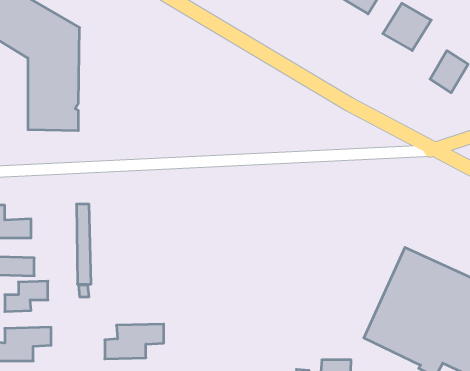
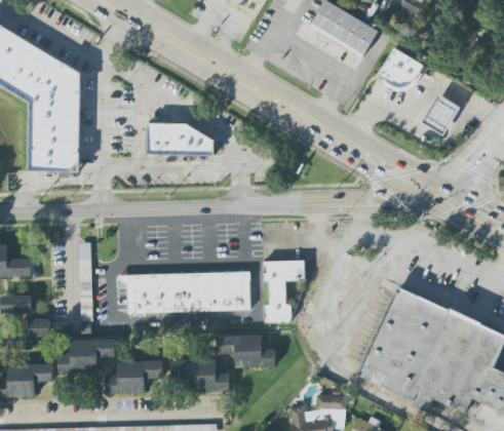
building: none -> [144,125,210,157]
building: none -> [263,260,305,323]
building: none -> [116,271,249,313]
building: none -> [217,335,275,367]
building: none -> [57,339,115,373]
building: none -> [170,359,229,391]

